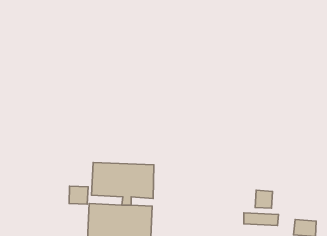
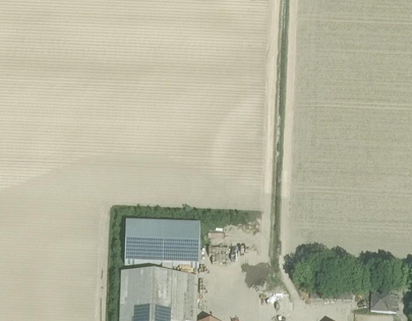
building: [69,186,88,204] -> none
building: [255,190,272,208] -> none

